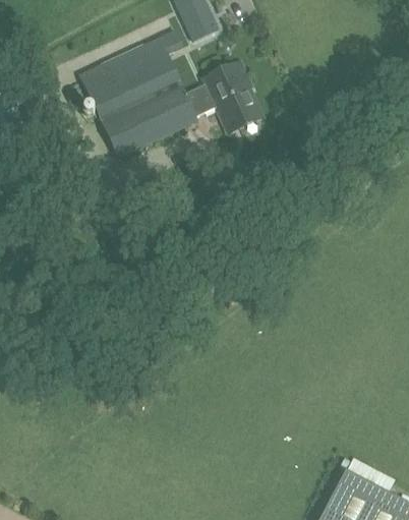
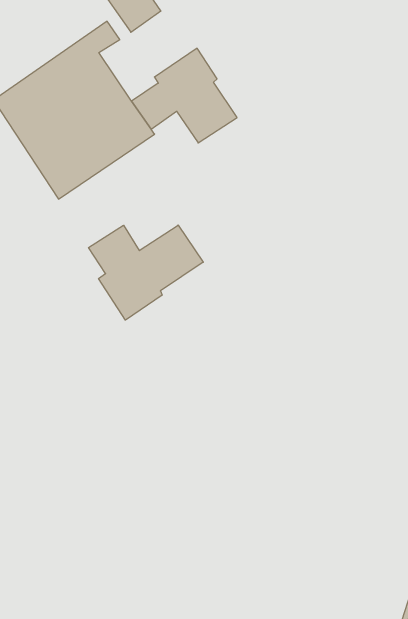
building: none -> [89,225,203,320]

